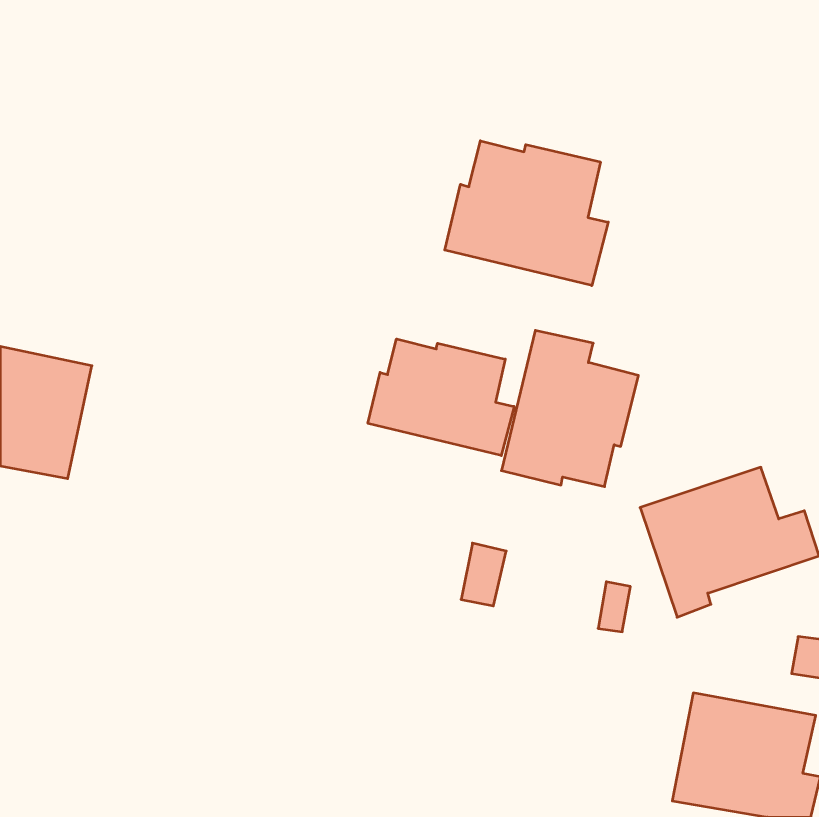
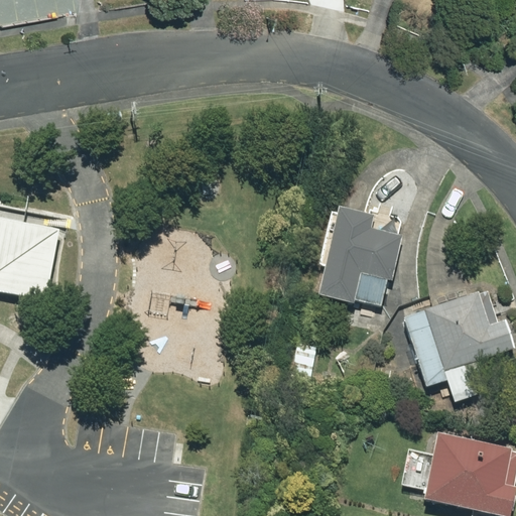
building: [445,141,608,286] -> none
building: [368,339,514,456] -> none

